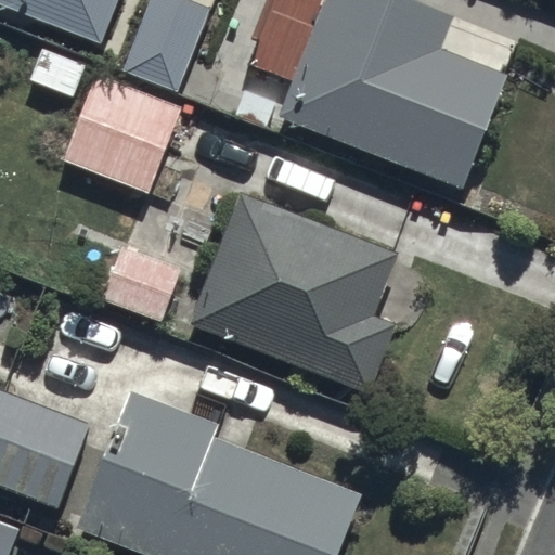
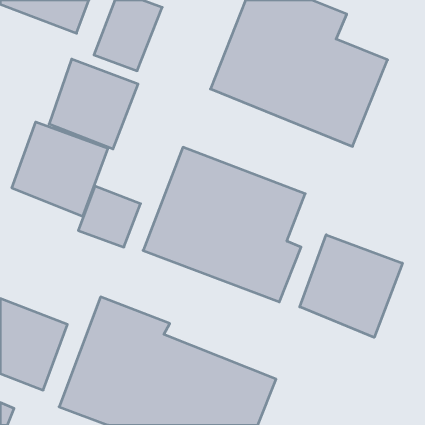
building: none -> [12,122,108,216]
building: none -> [300,235,402,337]

